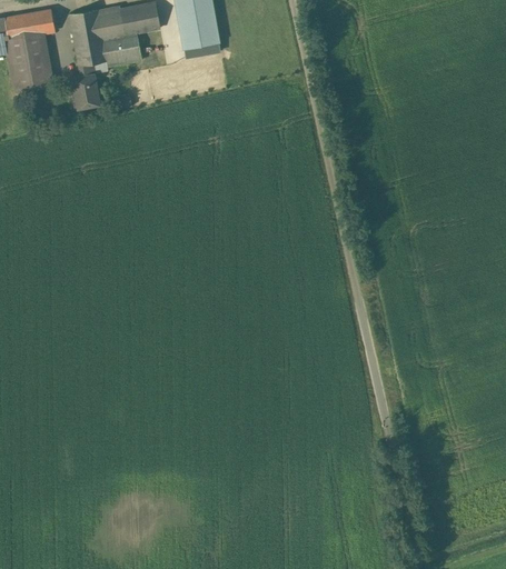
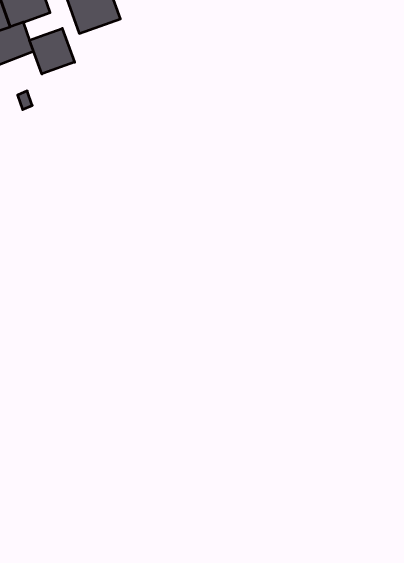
building: none -> [30,28,75,74]

